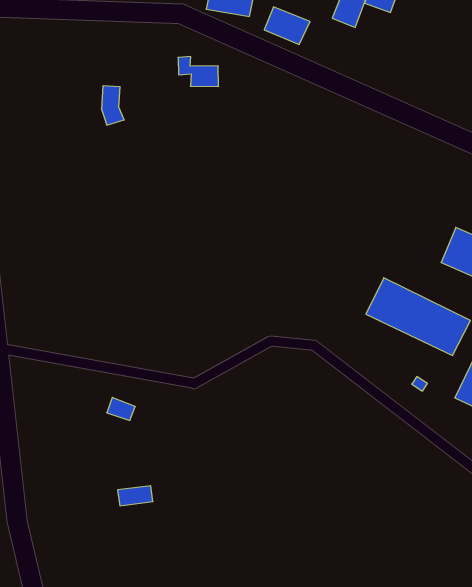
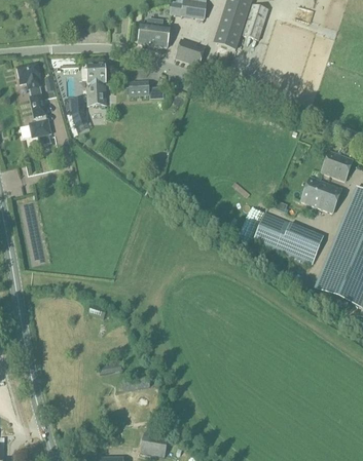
building: none -> [15,65,50,138]
building: none -> [82,65,106,104]

